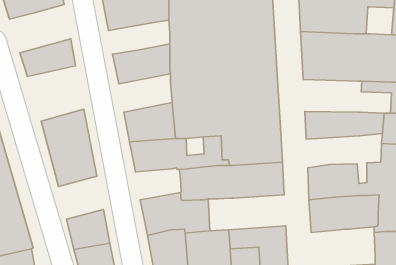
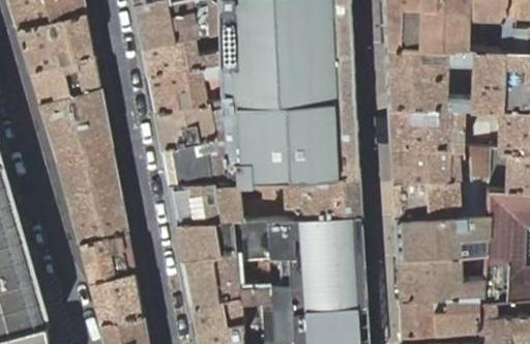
building: none -> [17,12,94,74]
building: none -> [142,32,219,76]
building: none -> [39,90,111,161]
building: none -> [155,101,223,149]
building: none -> [388,108,463,149]
building: none -> [392,179,462,220]
building: none -> [176,220,234,260]
building: none -> [79,230,136,285]
building: none -> [268,254,366,299]
building: none -> [399,294,479,338]

